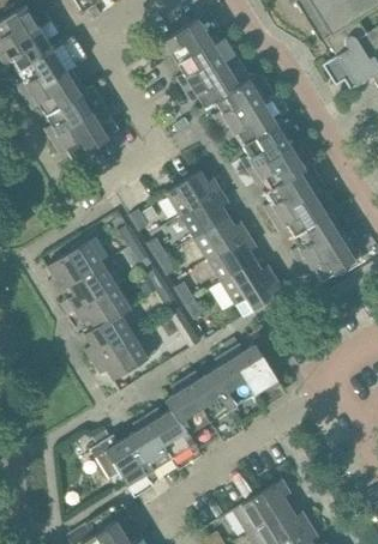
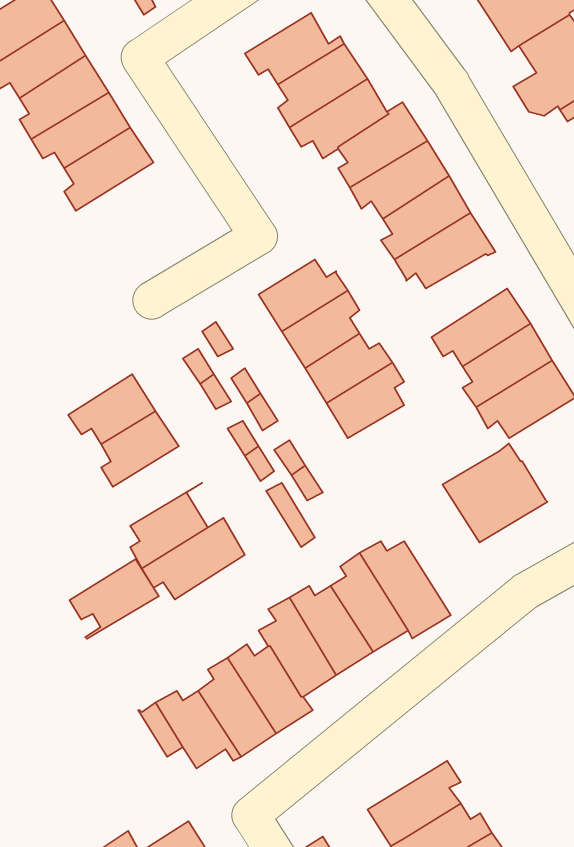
building: [53,110,115,159] -> none
building: [264,167,319,218] -> none
building: [221,255,286,316] -> [443,444,548,543]
building: [76,285,131,334] -> [69,559,159,639]

